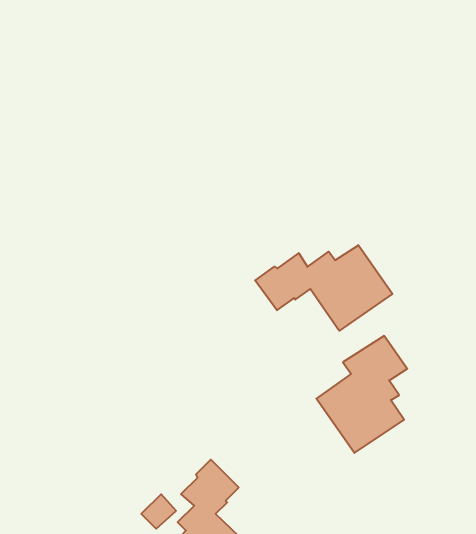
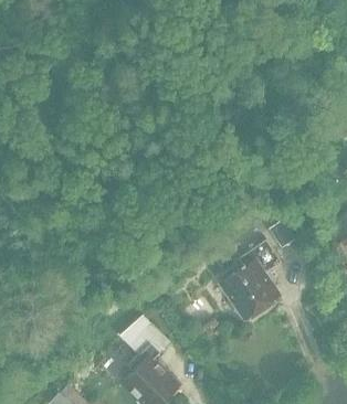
building: [255,245,392,331] -> none

